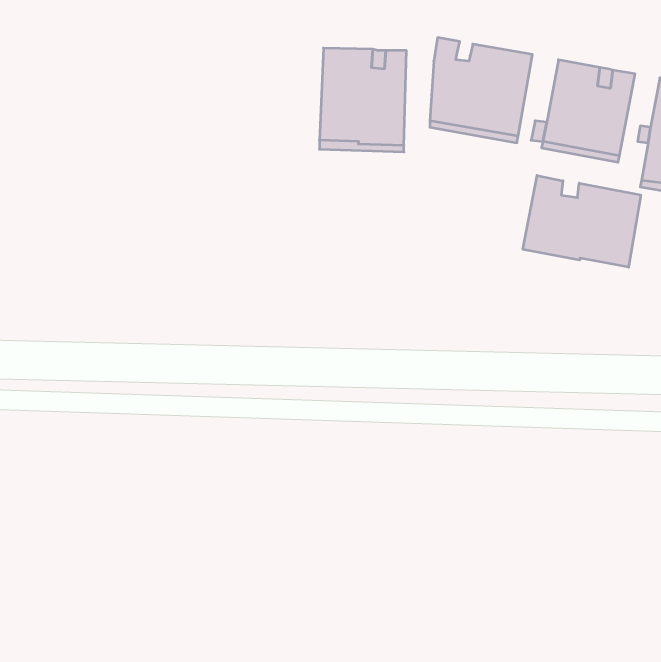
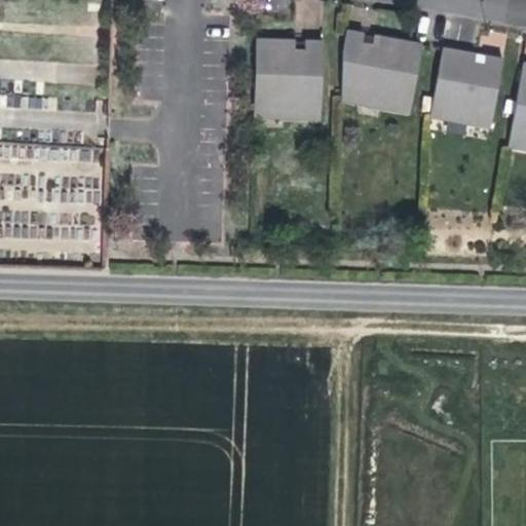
building: [523,175,641,267] -> none

